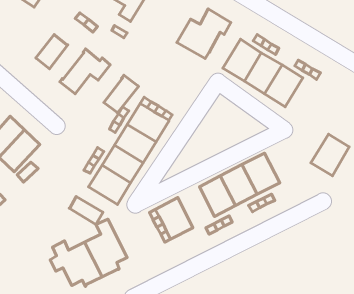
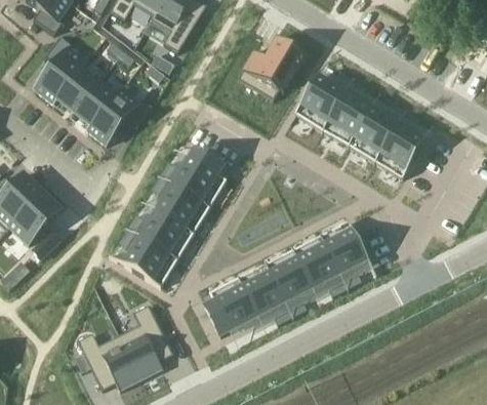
building: none -> [35,35,87,104]
building: [104,75,138,113] -> [74,78,118,126]
building: [311,134,349,176] -> [375,124,424,177]
building: none -> [238,264,285,316]
building: [69,196,103,225] -> none

